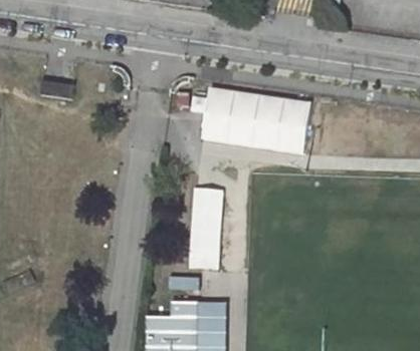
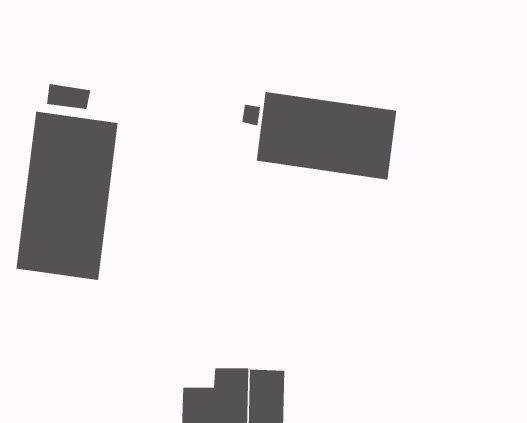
building: none -> [16,111,118,281]
building: [190,187,221,268] -> none

